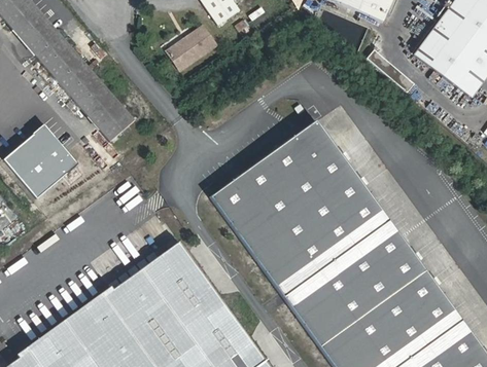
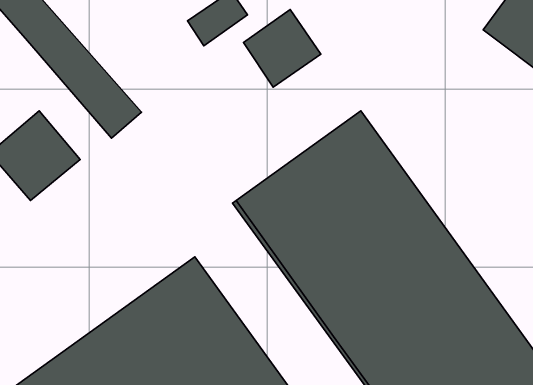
building: none -> [243,10,321,87]

